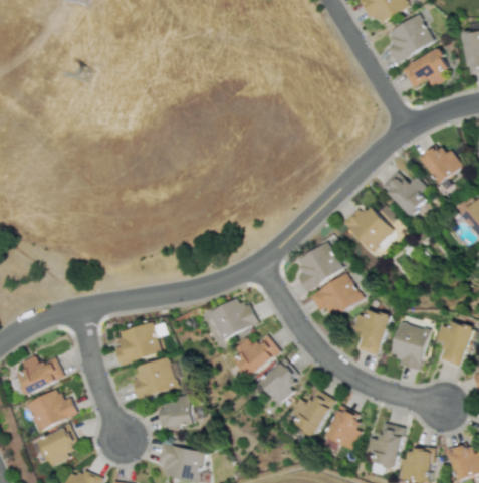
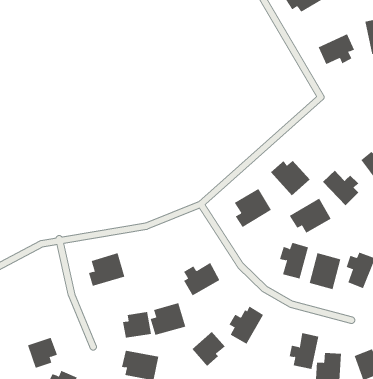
building: [387,14,434,63] -> none
building: [421,142,461,184] -> none
building: [381,171,427,216] -> [322,170,359,206]
building: [310,273,364,317] -> [289,198,331,233]
building: [208,298,258,340] -> none
building: [17,355,64,395] -> none
building: [132,357,177,399] -> [150,303,186,336]
building: [258,360,300,405] -> [192,331,225,367]
building: [25,389,77,432] -> none
building: [324,407,363,450] -> none

